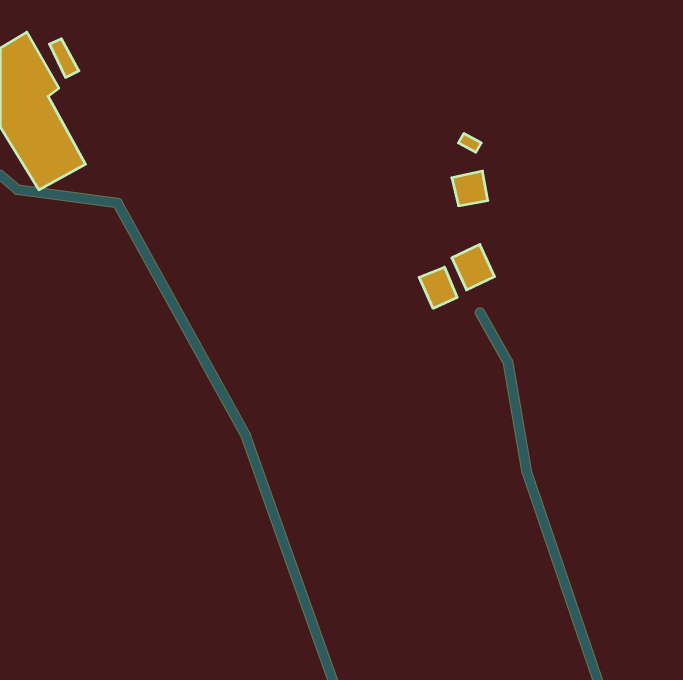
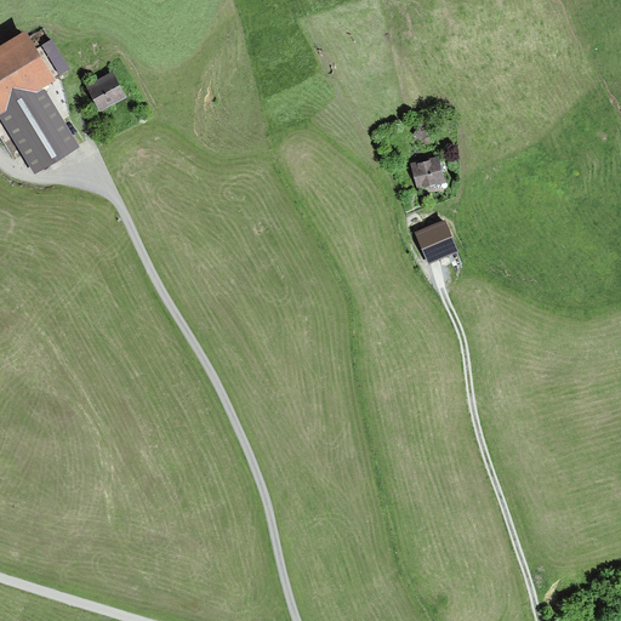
building: none -> [85,73,124,112]
building: [419,267,457,308] -> none

